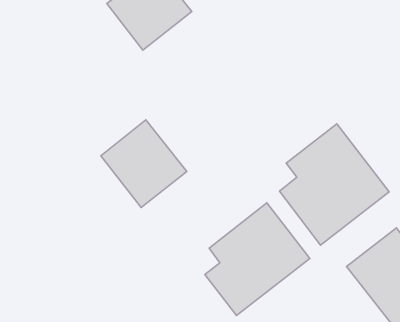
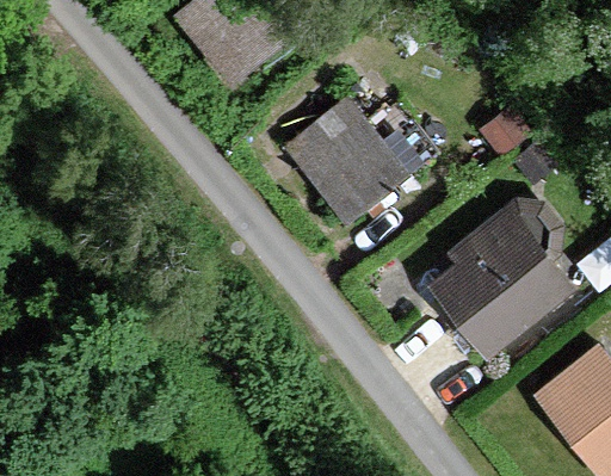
building: [101,120,187,208] -> [285,98,411,225]
building: [205,203,310,315] -> none

